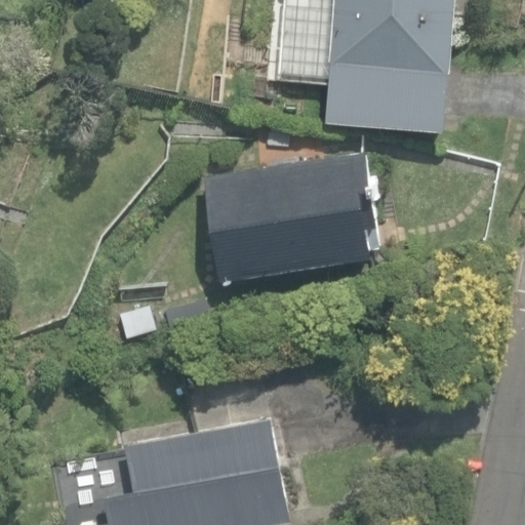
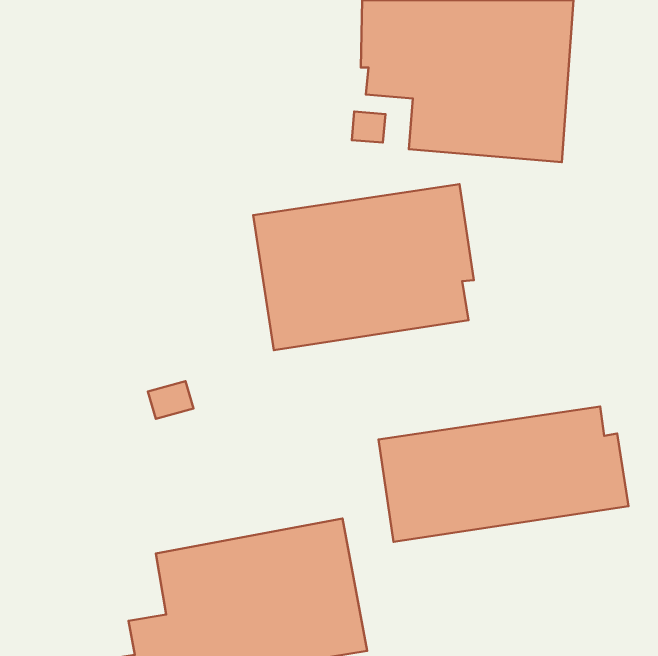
building: none -> [378,406,628,542]

